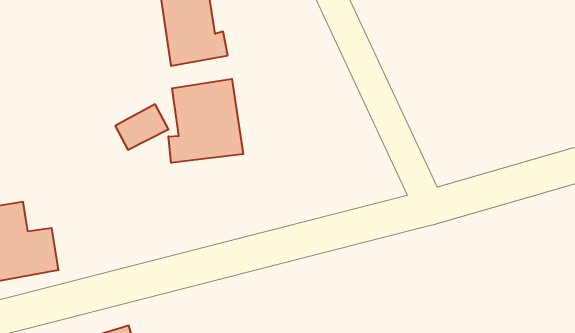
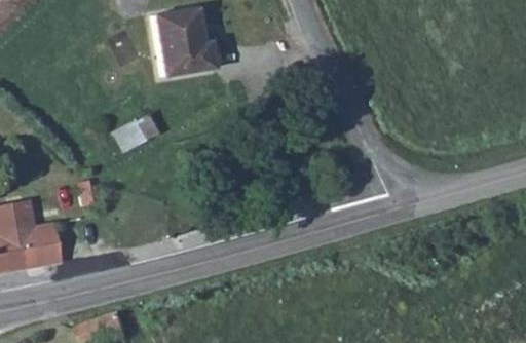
building: [168,79,243,163] -> none

